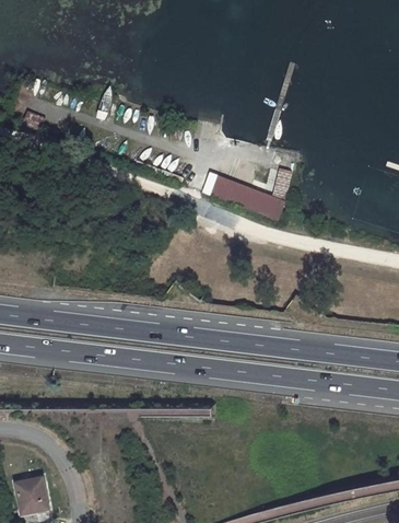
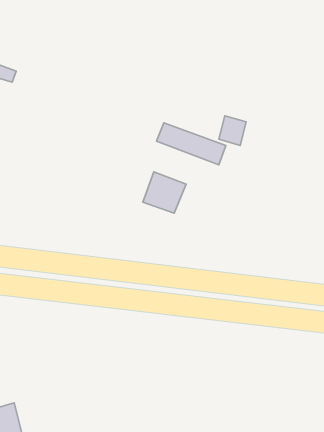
building: none -> [143,172,186,213]

